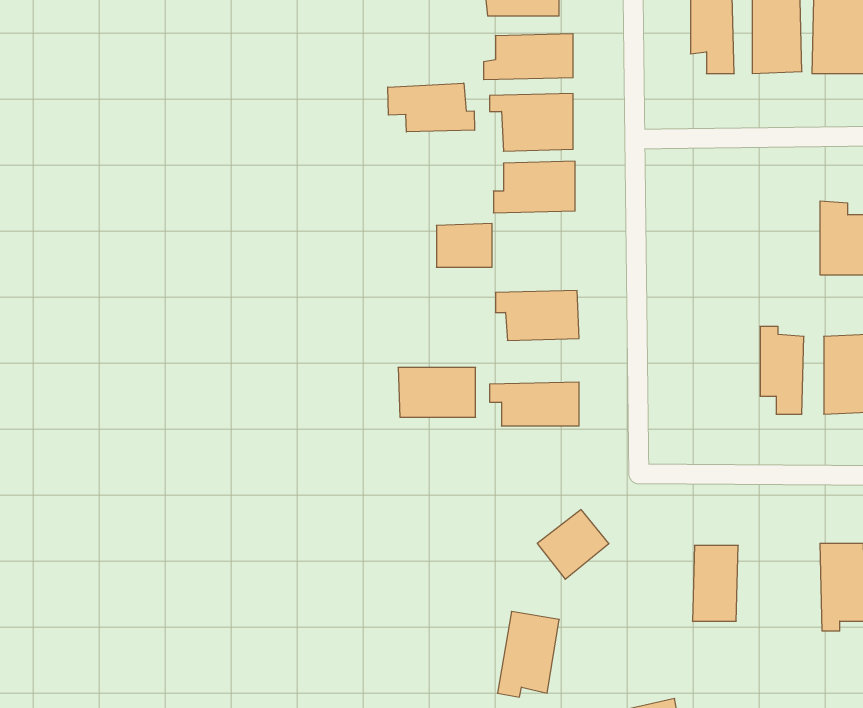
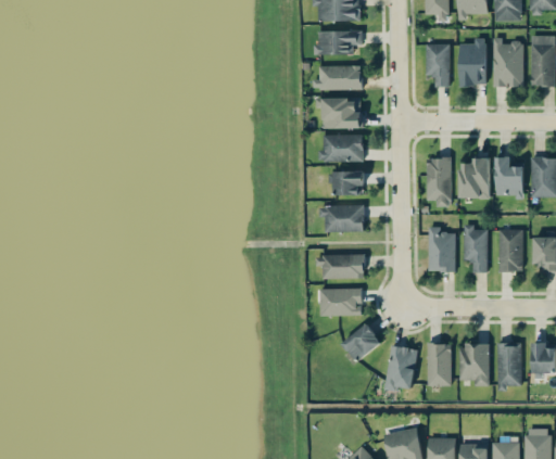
building: [388,83,475,132] -> none
building: none -> [427,157,451,206]
building: none -> [459,160,490,197]
building: [436,223,492,267] -> [333,170,364,194]
building: none -> [429,226,455,271]
building: [398,367,476,417] -> [319,288,362,315]
building: none -> [458,343,490,385]
building: [497,611,559,697] -> [383,344,417,391]

